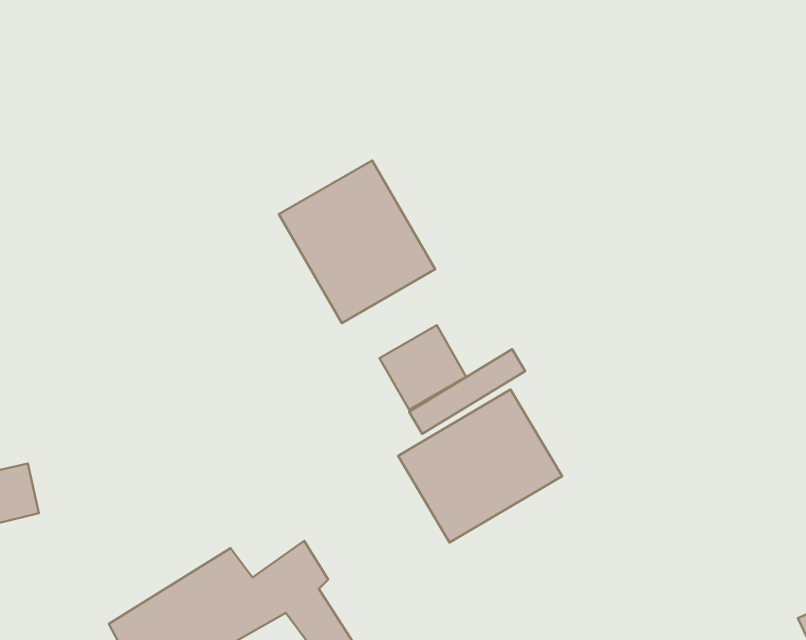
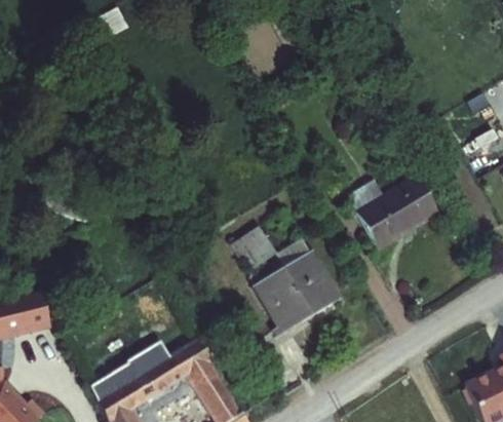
building: [279,160,435,323] -> none
building: none -> [342,157,437,252]

